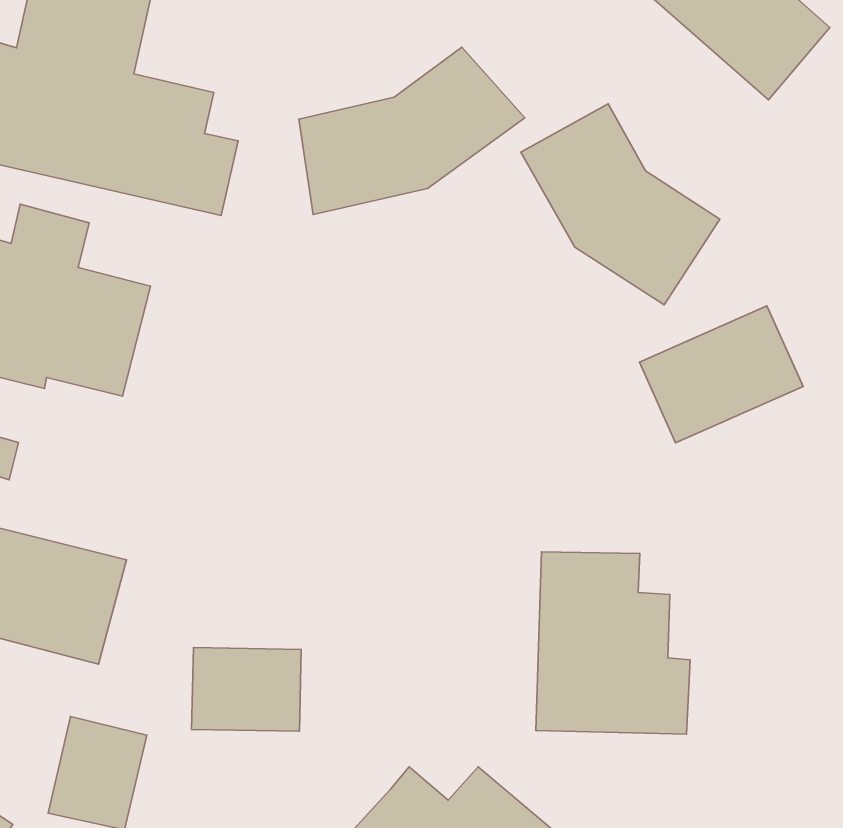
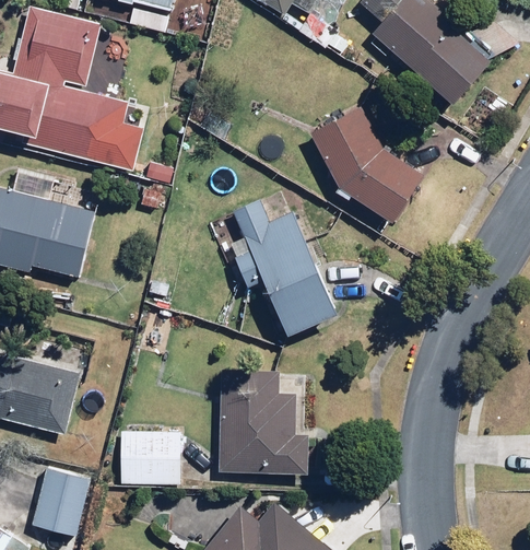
building: [299,47,525,214] -> none
building: none -> [227,197,340,353]
building: [639,306,803,443] -> none
building: [536,552,690,734] -> [216,367,307,475]

